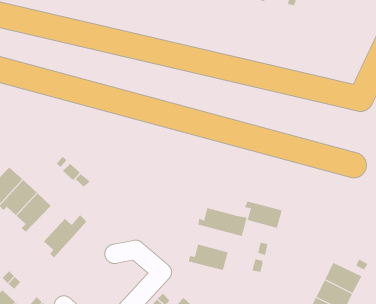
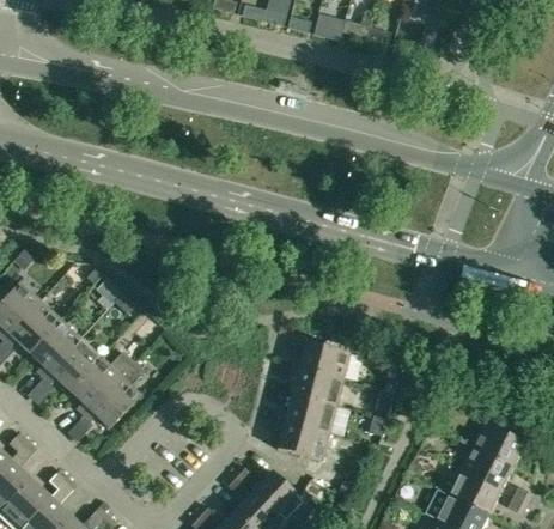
building: [244,201,282,228] -> [287,365,342,405]
building: none -> [43,338,99,389]
building: none -> [84,360,144,427]
building: none -> [274,418,328,470]

